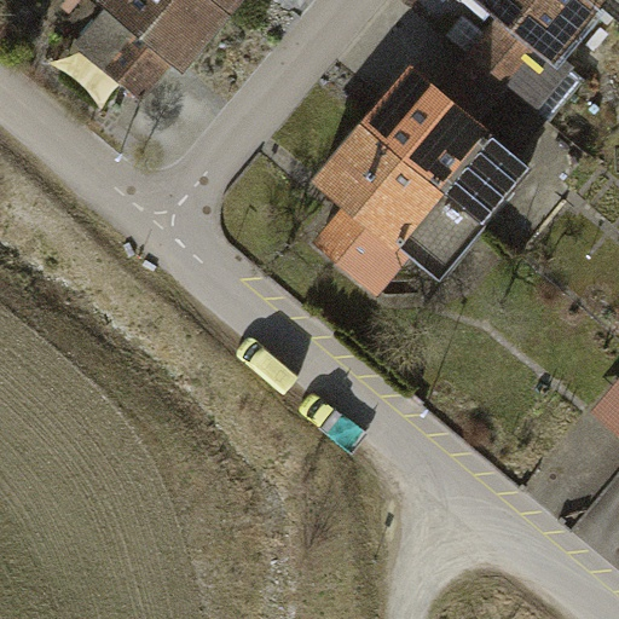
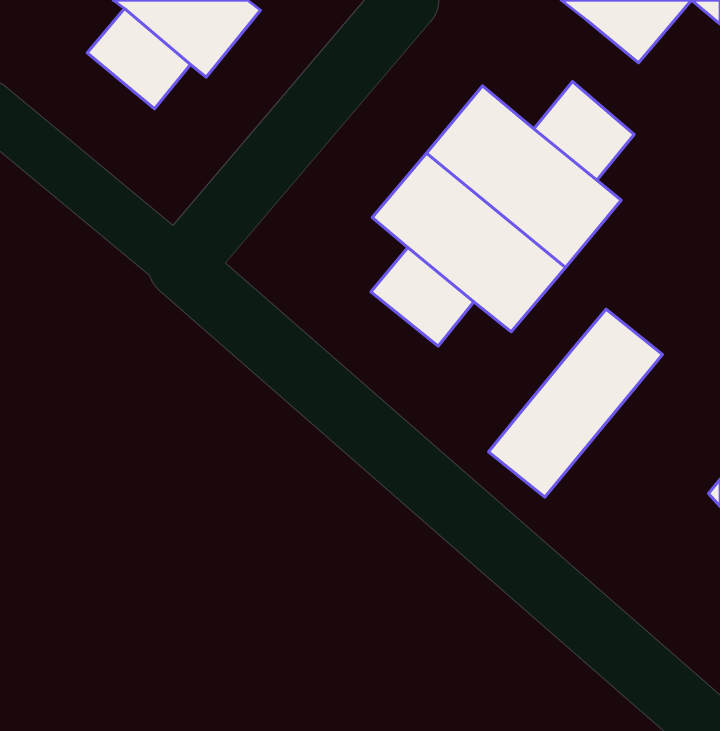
building: [465,17,567,114] -> none
building: none -> [488,309,663,497]

